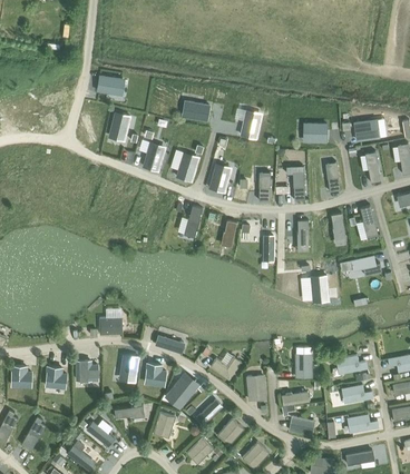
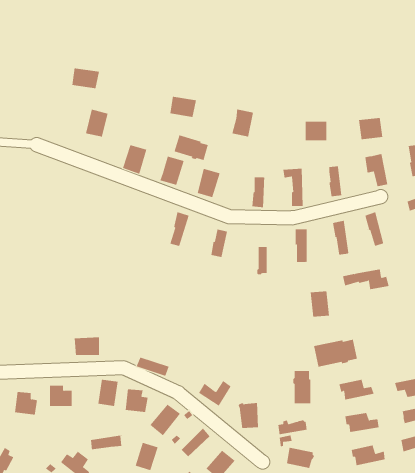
building: none -> [174,134,209,161]
building: none -> [313,339,358,367]

